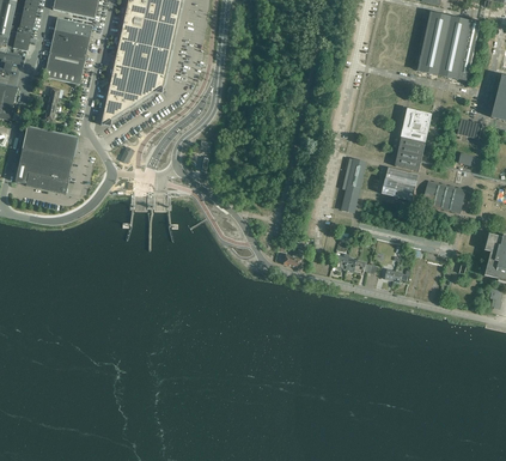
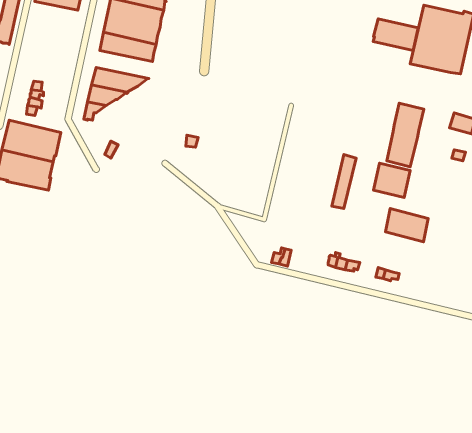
building: [44,17,92,84] -> none
building: none -> [373,19,418,50]
building: [112,56,167,84] -> none
building: [423,180,465,212] -> [385,209,428,242]

